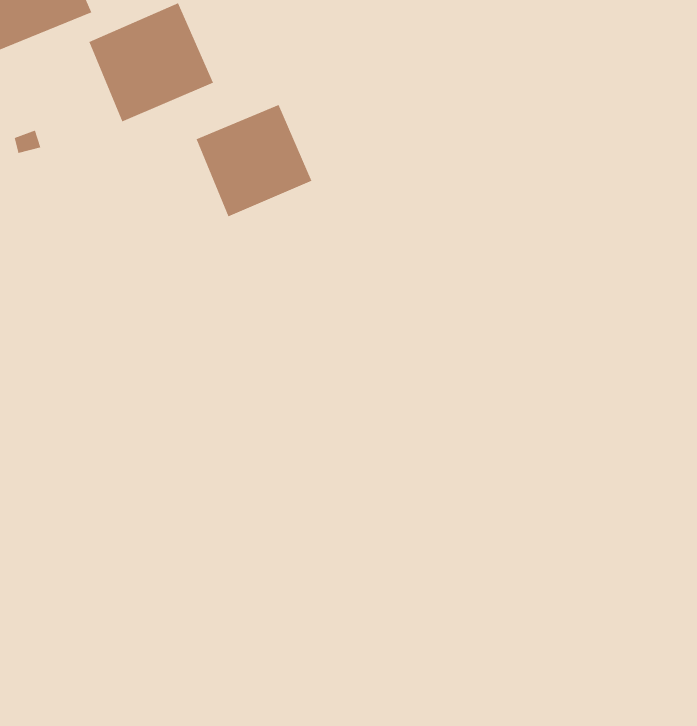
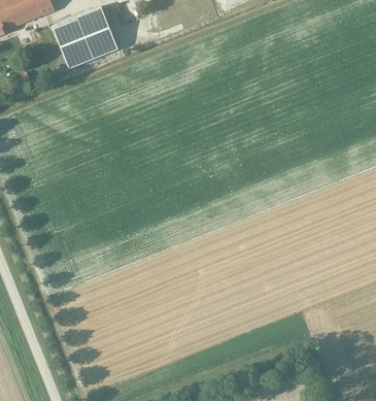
building: [196,104,312,217] -> none

